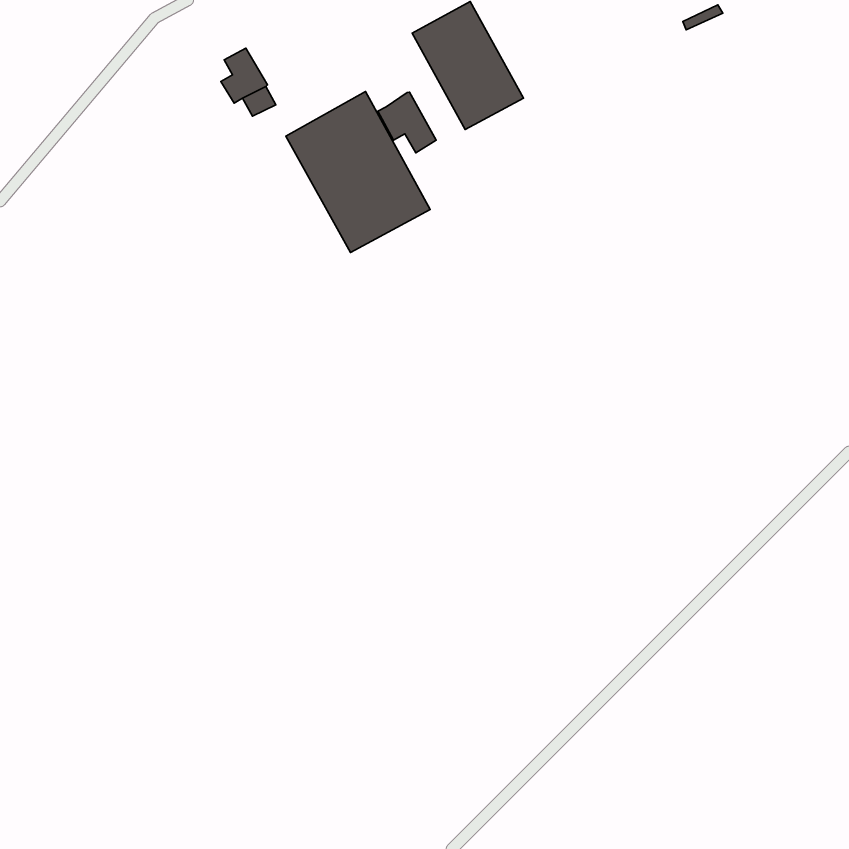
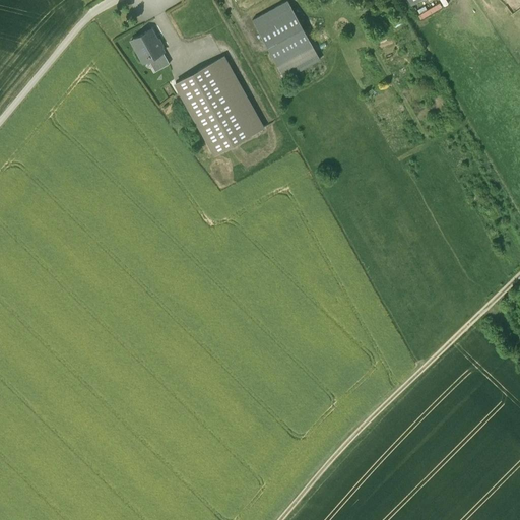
building: [378,92,436,153] -> none

